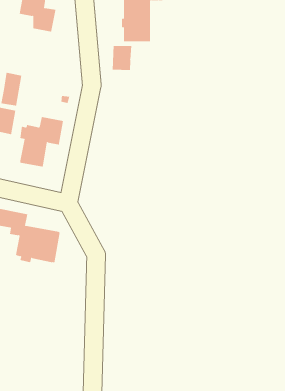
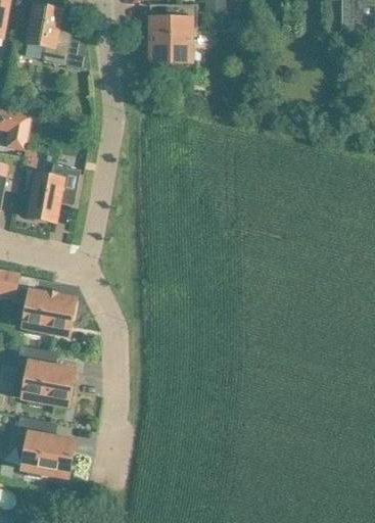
building: [112,45,132,71] -> none
building: none -> [11,345,75,406]
building: none -> [14,416,75,477]

